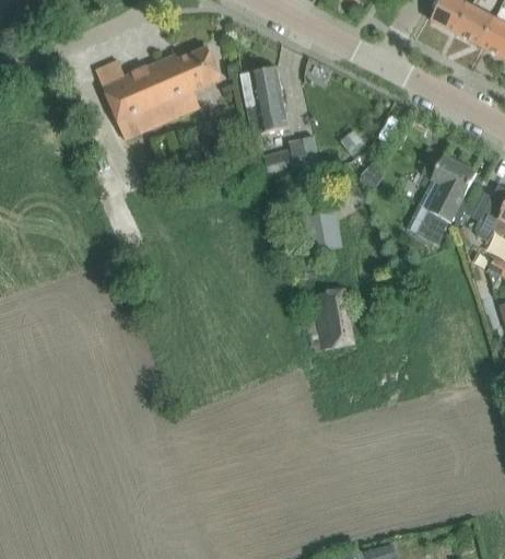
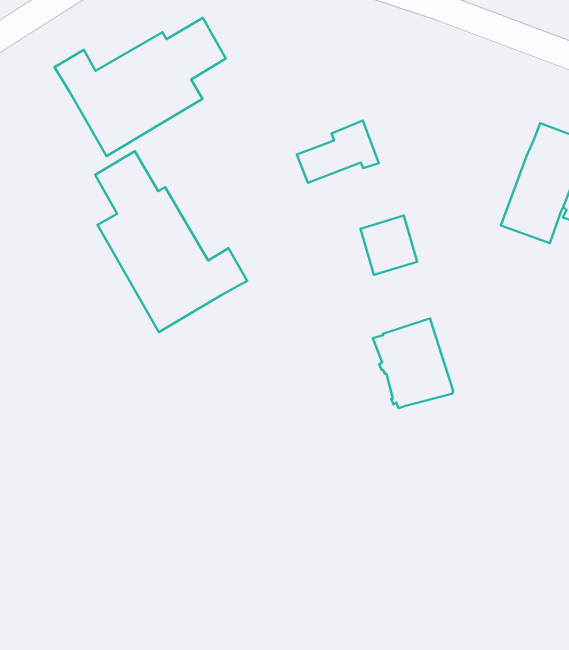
building: [242,67,289,133] -> none
building: none -> [95,151,247,332]

